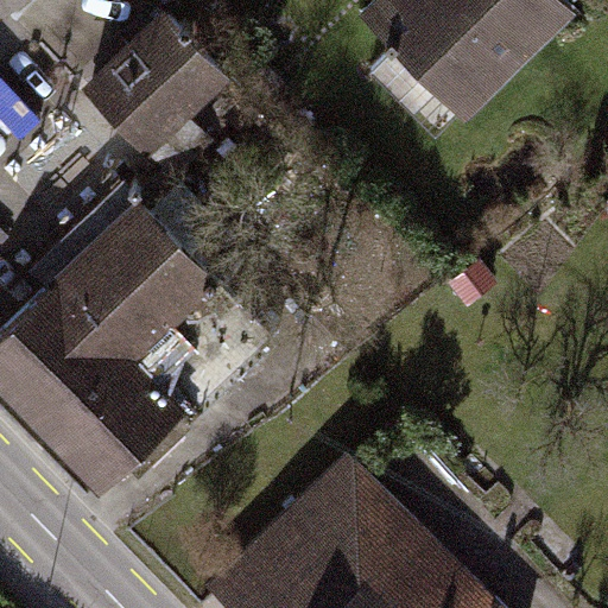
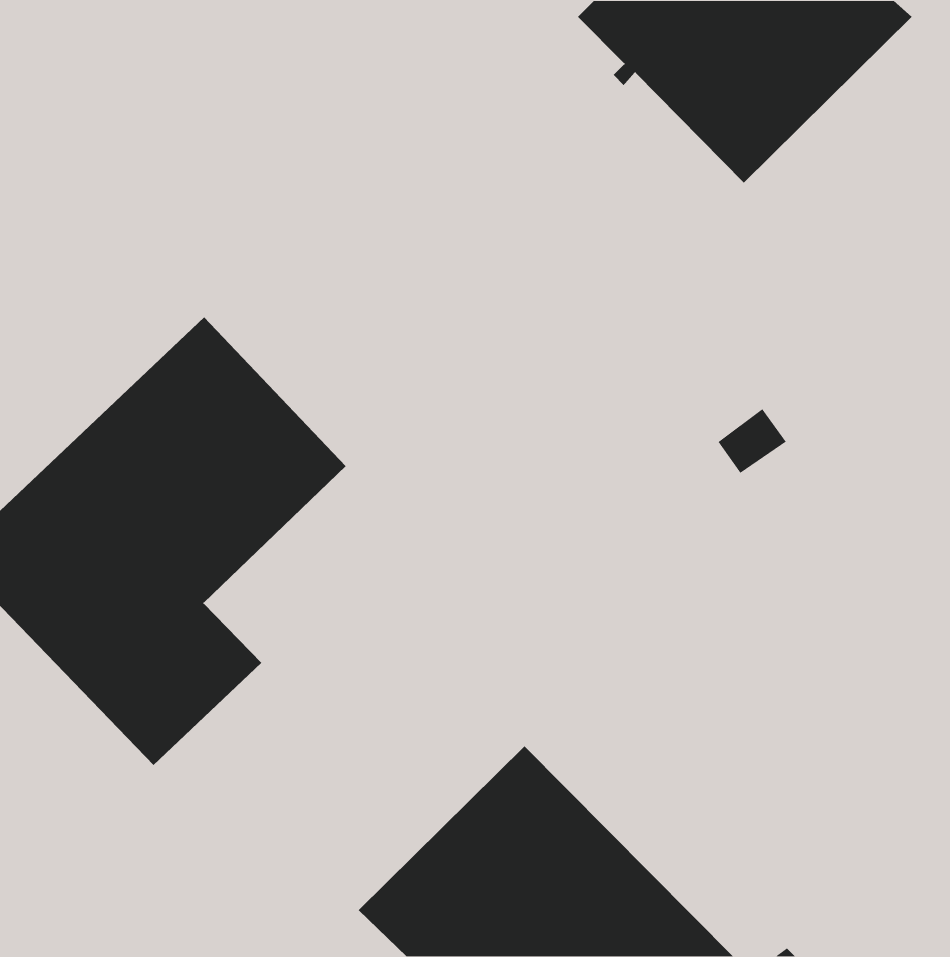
building: [93,20,221,147] -> none

